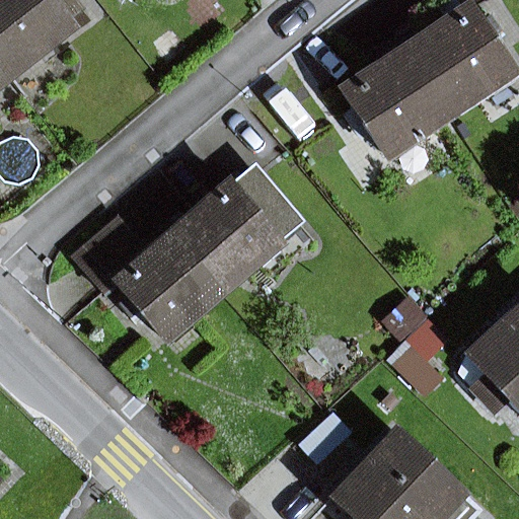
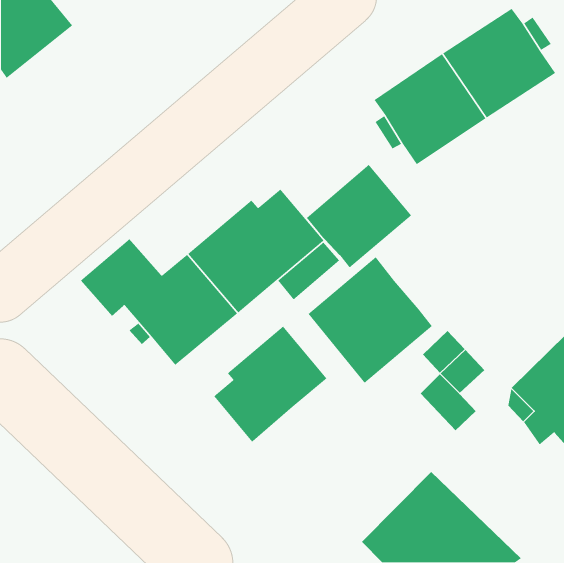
building: none -> [306,164,412,268]
building: none -> [308,256,433,384]
building: none -> [213,326,328,442]

